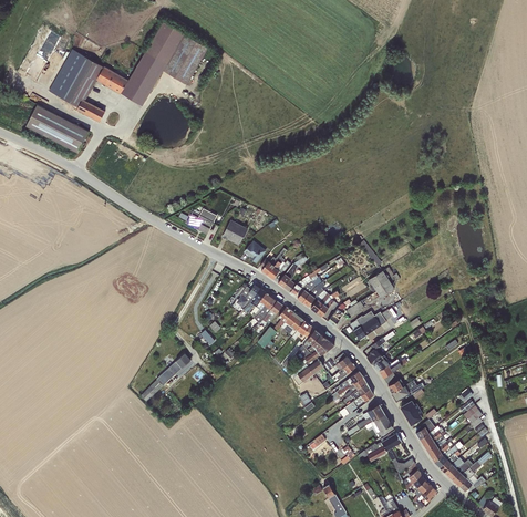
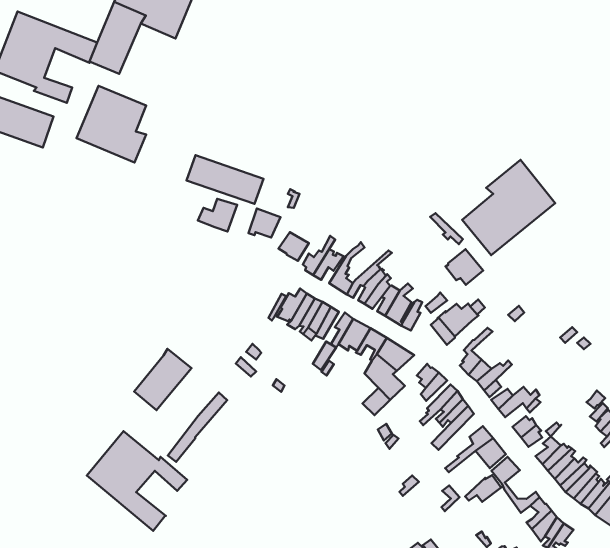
building: none -> [77,86,146,163]
building: none -> [187,155,264,204]
building: none -> [462,160,555,255]
building: none -> [134,349,191,410]
building: none -> [87,431,187,531]

